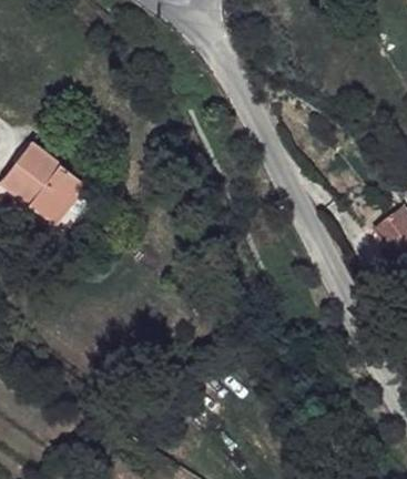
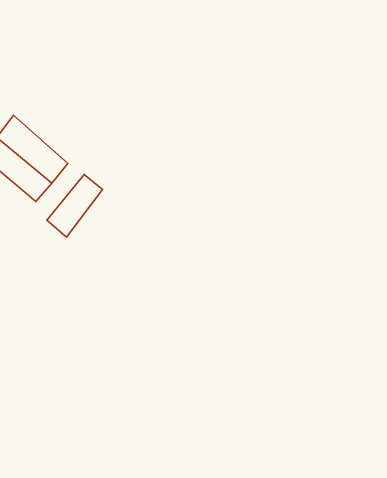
building: none -> [47,174,102,237]

